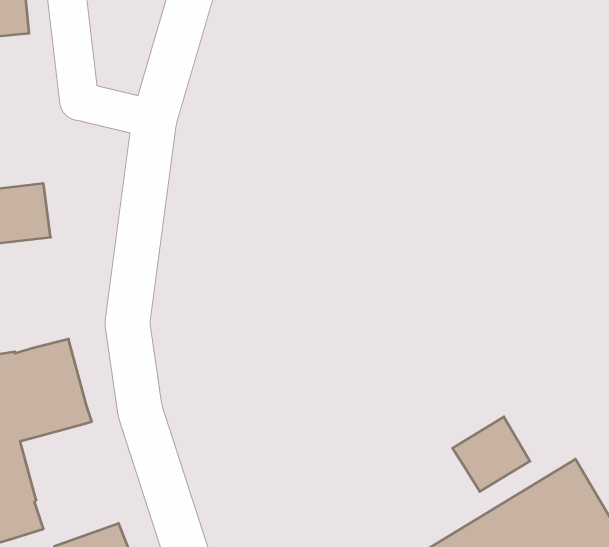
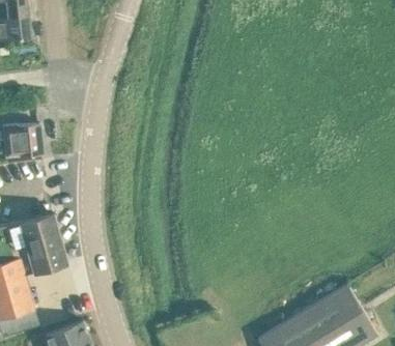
building: [453,417,530,492] -> none

